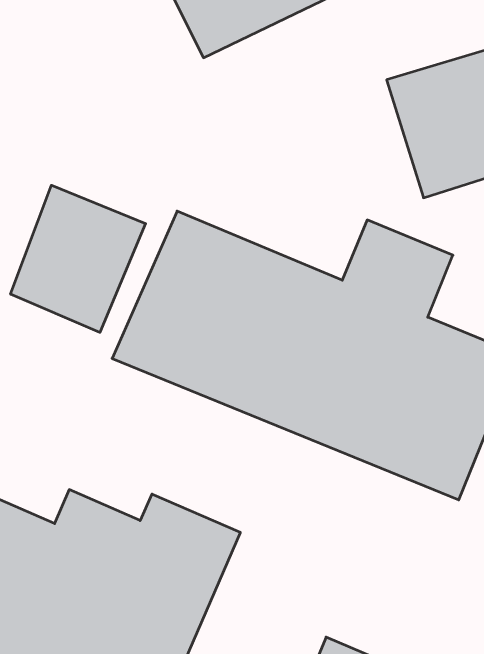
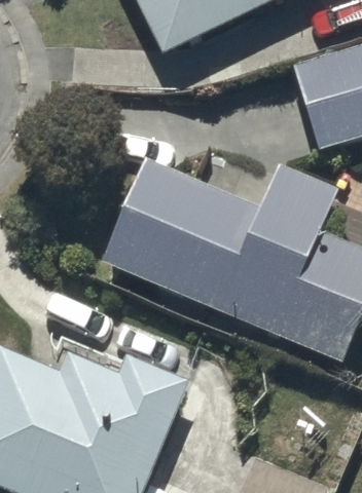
building: [11,185,146,332] -> none

